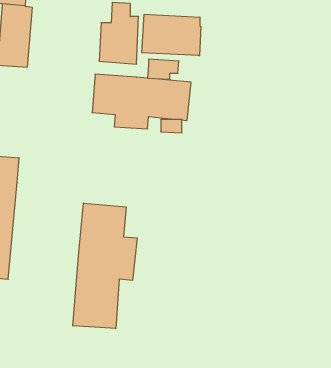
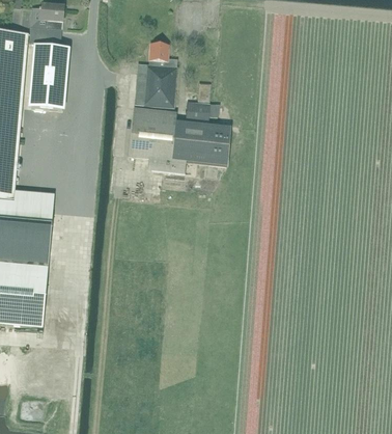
building: [142,14,201,56] -> none
building: [73,203,137,329] -> none

